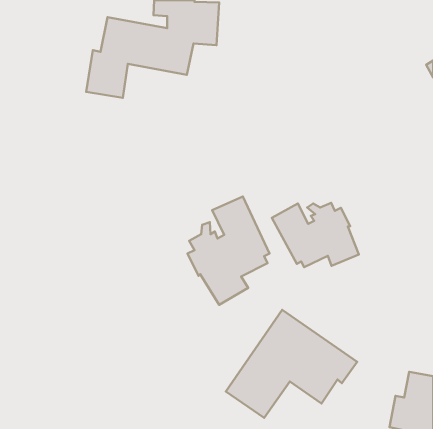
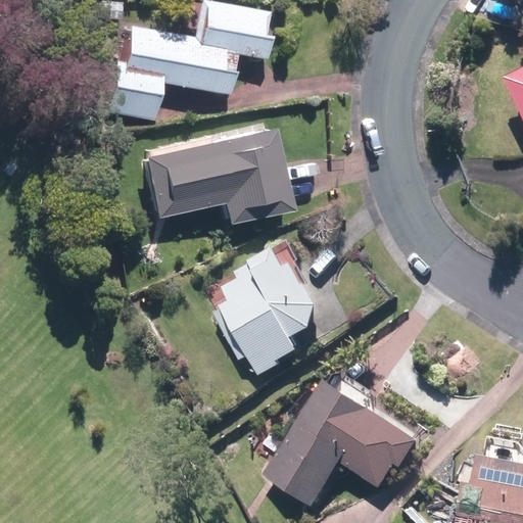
building: none -> [138,129,276,222]
building: [272,203,359,267] -> none

